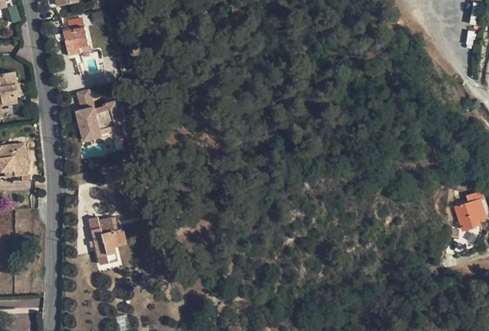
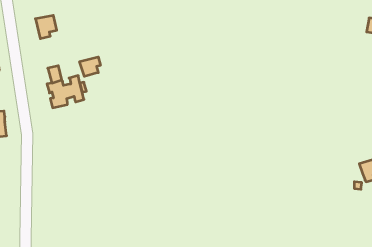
building: none -> [80,57,100,76]
building: [91,219,117,263] -> none

